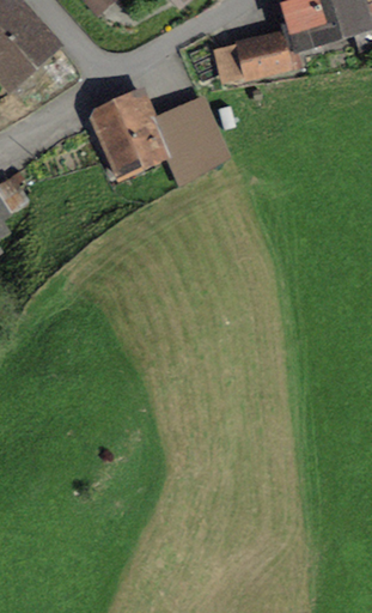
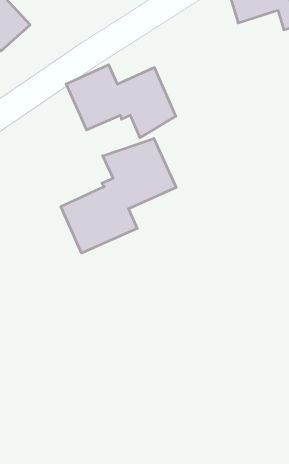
building: [231,36,283,78] -> none
building: none -> [61,138,176,253]

